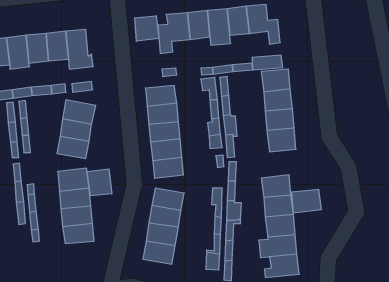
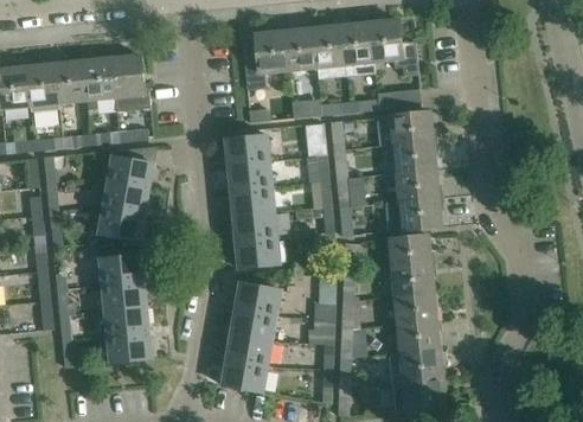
building: [135,16,159,41] -> none
building: [87,169,112,196] -> none
building: [292,190,321,213] -> [389,234,431,267]

